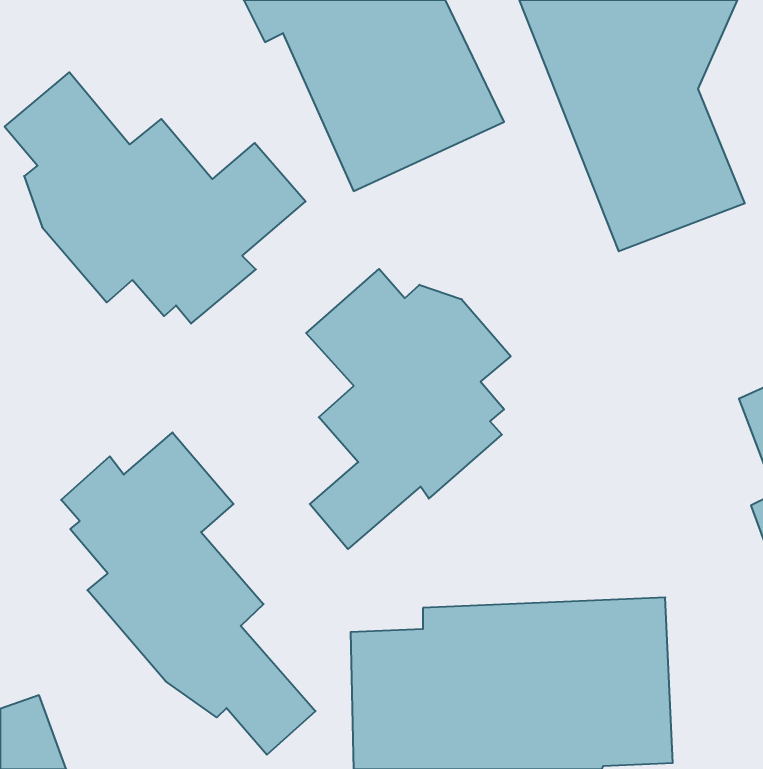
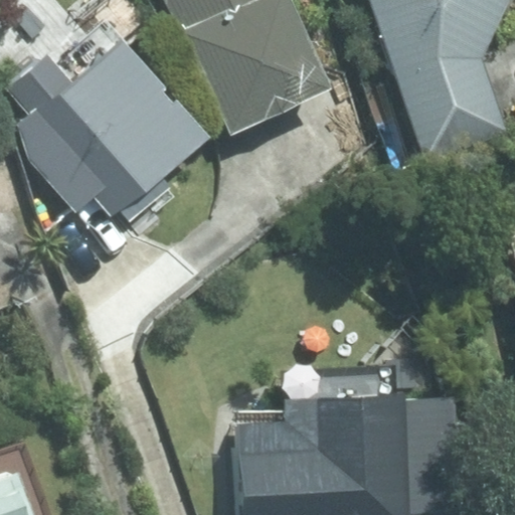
building: [306,269,511,549] -> none
building: [61,432,316,755] -> none

